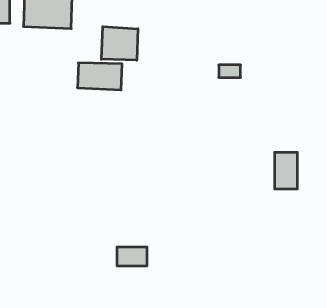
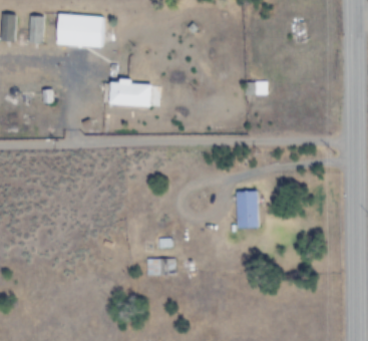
building: [101,27,138,60] -> none
building: [275,152,297,189] -> [237,192,259,227]

